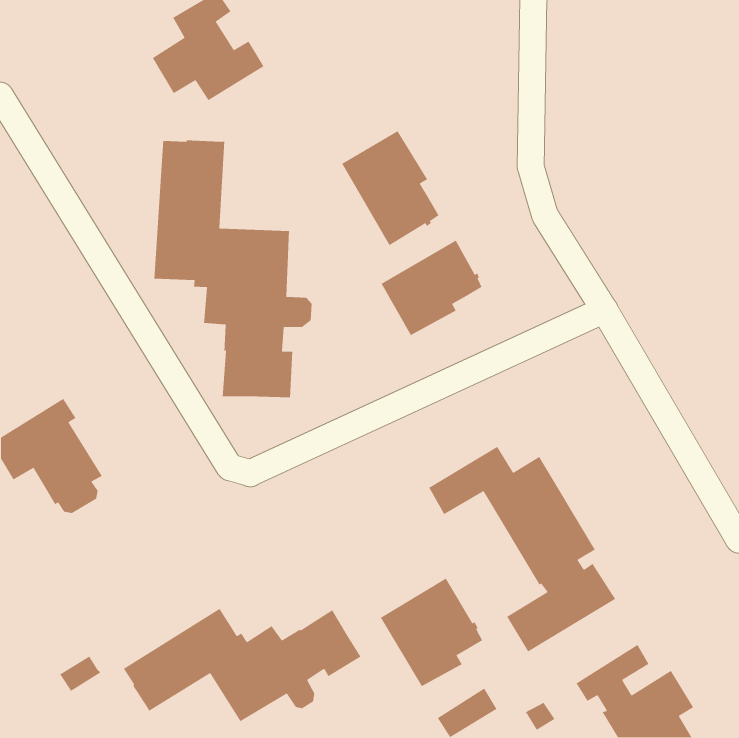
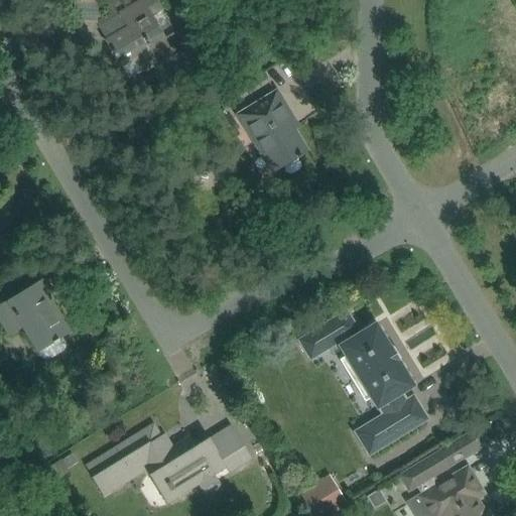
building: [154,140,312,398] -> none
building: [380,240,483,336] -> none
building: [380,577,483,687] -> none

